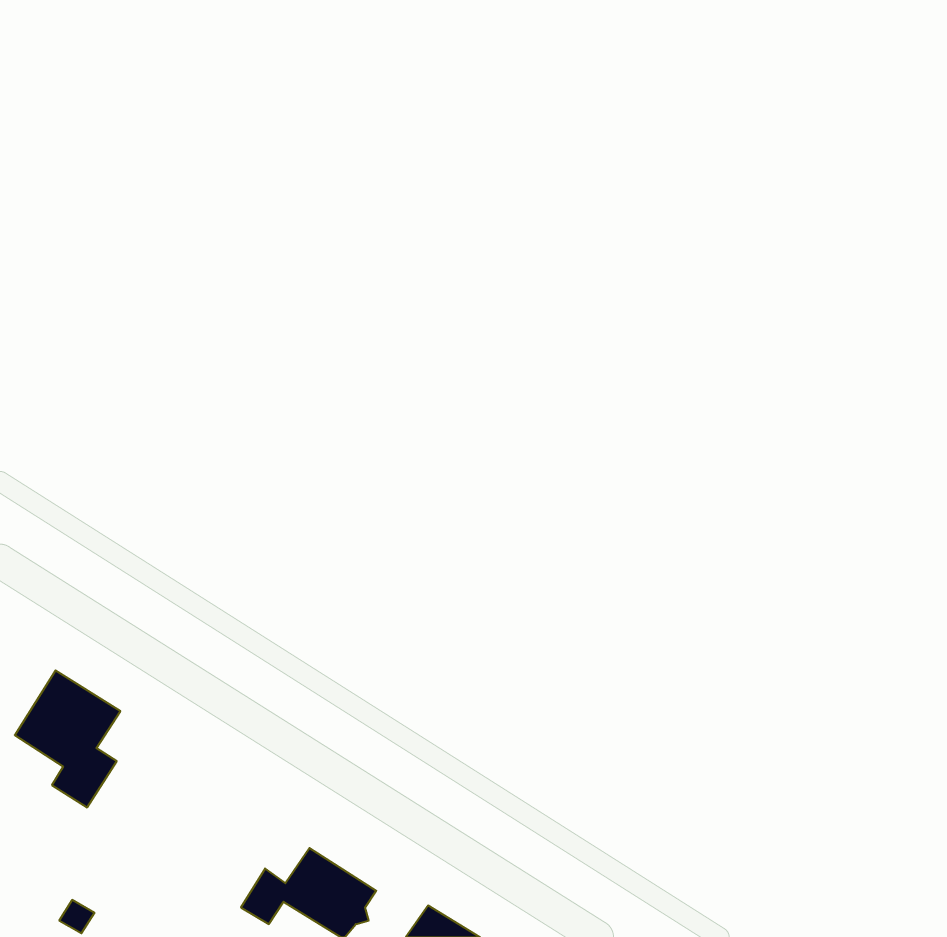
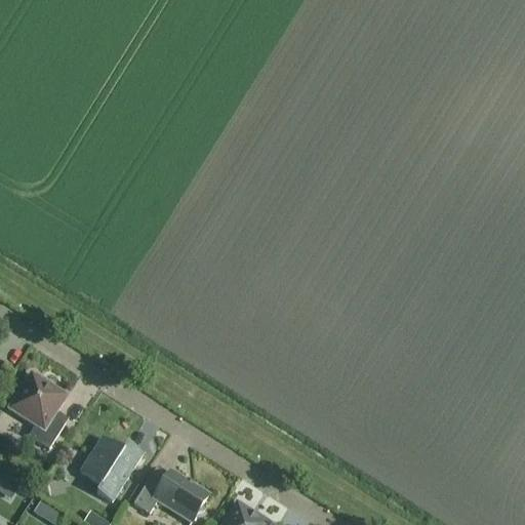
building: none -> [80,436,143,500]

